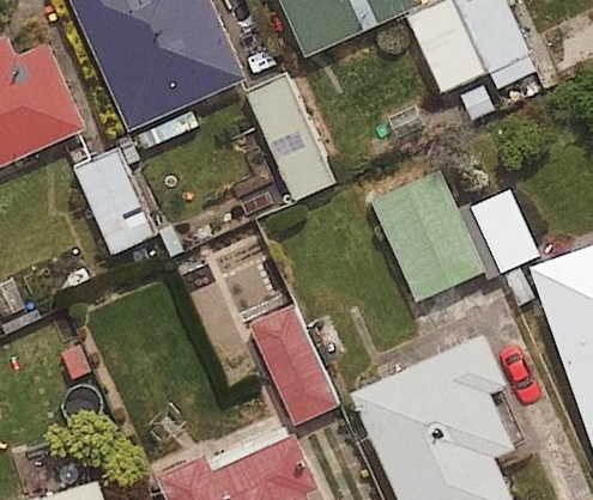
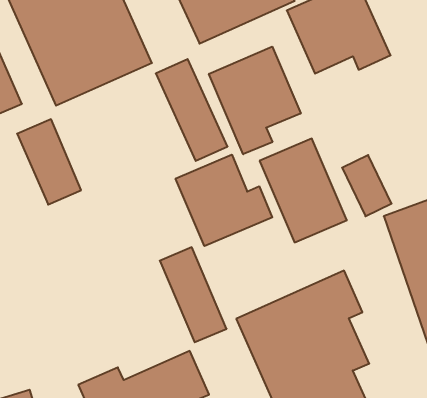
building: none -> [209,47,301,154]
building: none -> [176,155,272,246]

